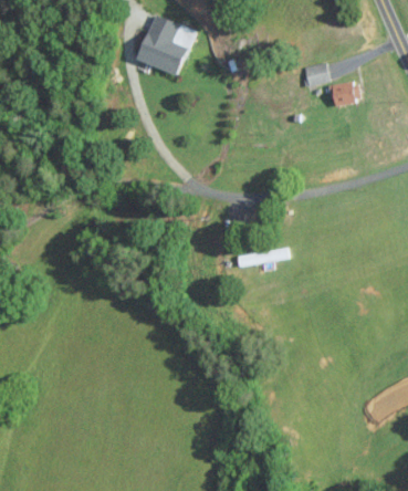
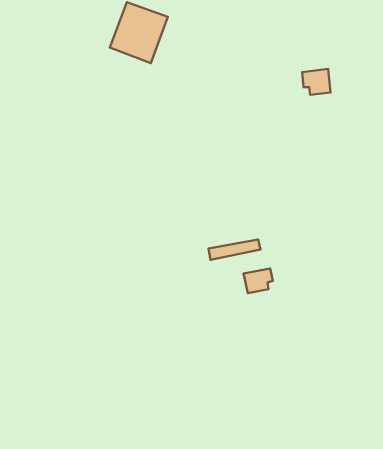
building: [302,63,328,85] -> none
building: none -> [244,269,273,293]

